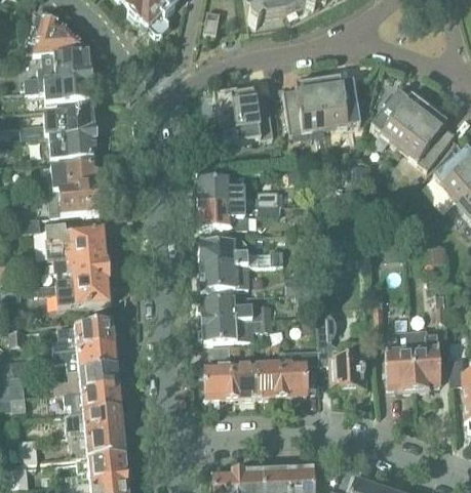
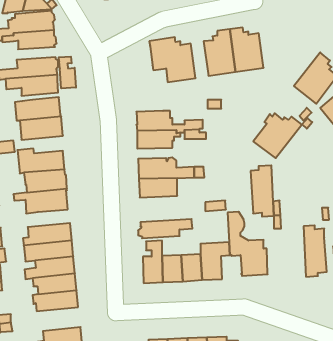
building: [371,88,434,146] -> [253,113,302,158]
building: none -> [59,57,76,88]
building: [198,297,269,320] -> none
building: [386,325,416,391] -> [251,165,274,217]
building: [70,428,125,455] -> none

